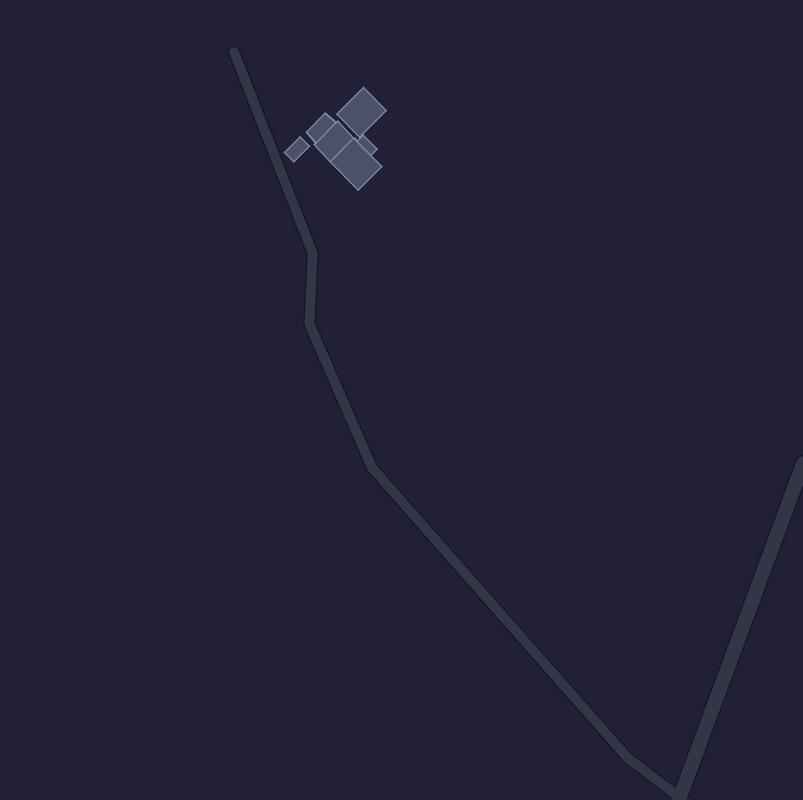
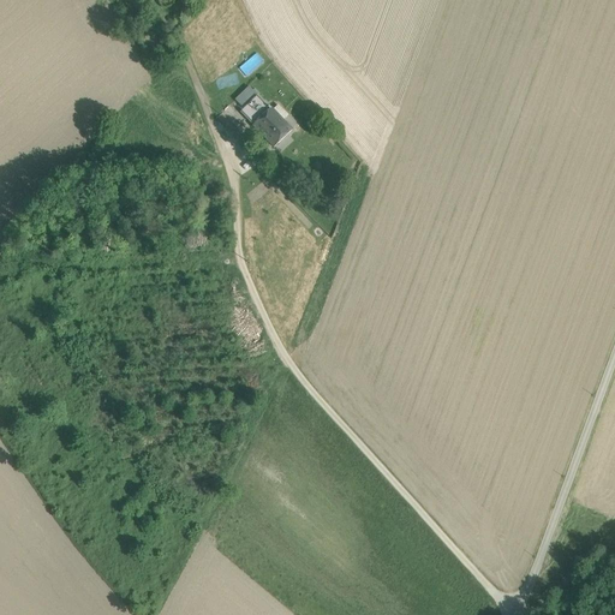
building: [337,87,386,137] -> none

